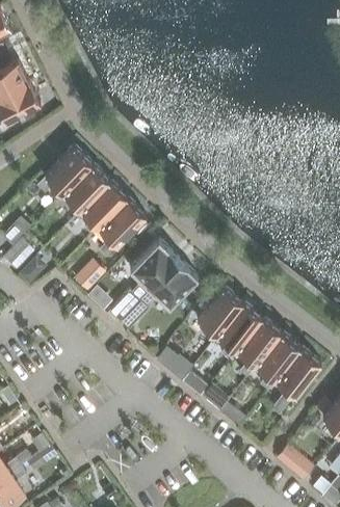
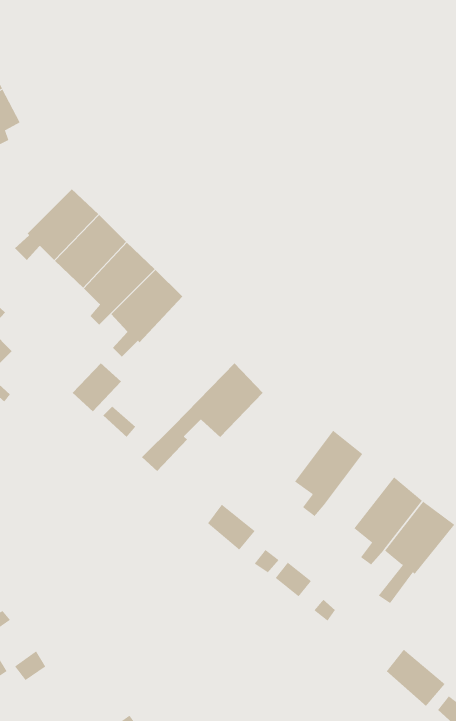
building: [109,241,178,321] -> none
building: [197,288,241,337] -> none
building: [236,319,281,378] -> none

